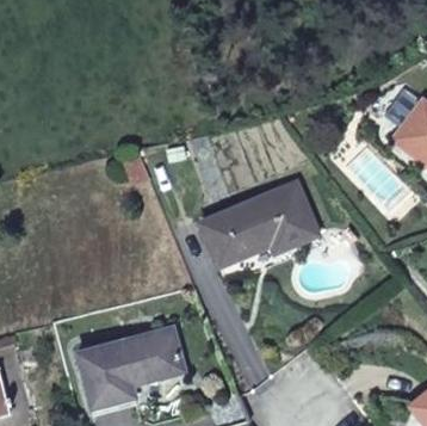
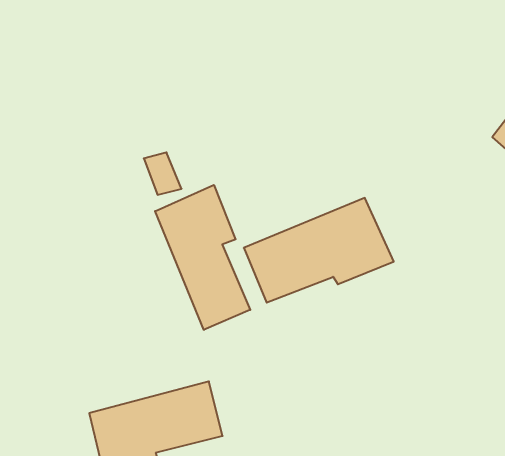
building: none -> [155,185,250,330]

